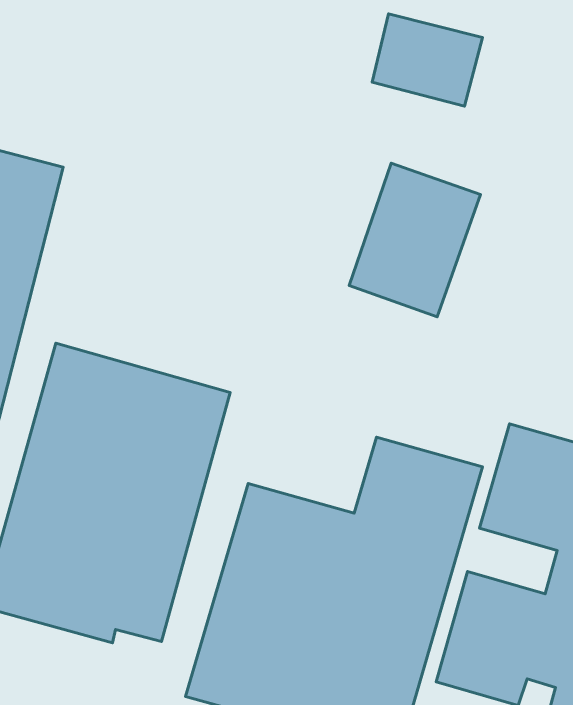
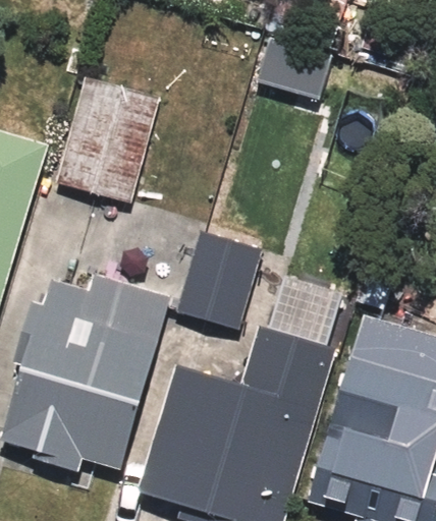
building: none -> [54,65,168,208]
building: [349,163,481,317] -> [175,231,265,336]

